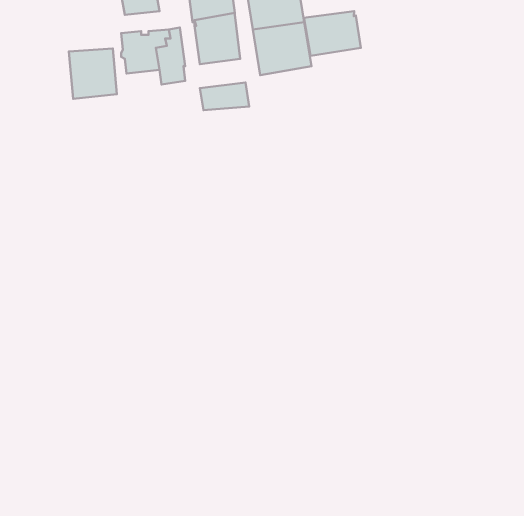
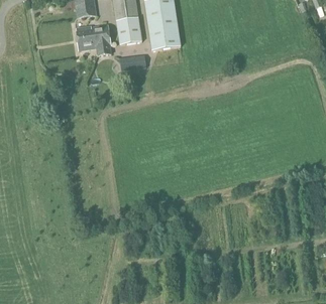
building: [304,11,361,56] -> none
building: [69,49,117,99] -> none

